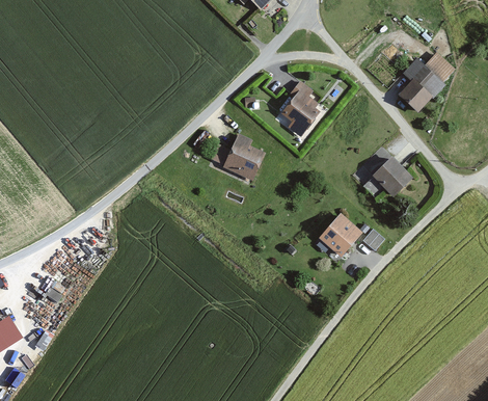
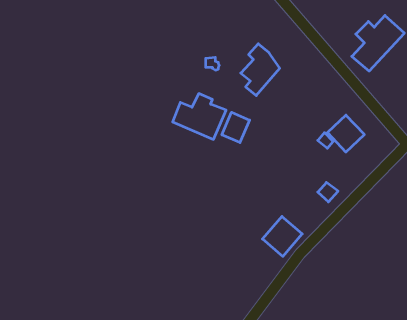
building: none -> [222,112,250,143]
building: [320,214,362,257] -> [262,216,302,256]

